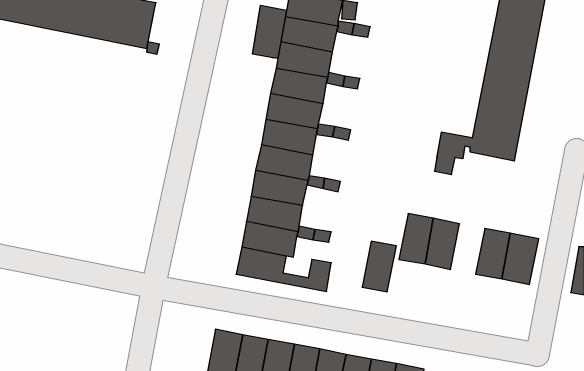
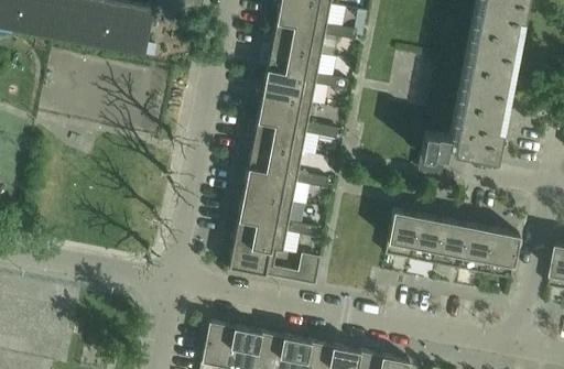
building: [253,5,287,59] -> none
building: [362,241,396,292] -> [434,220,467,269]

